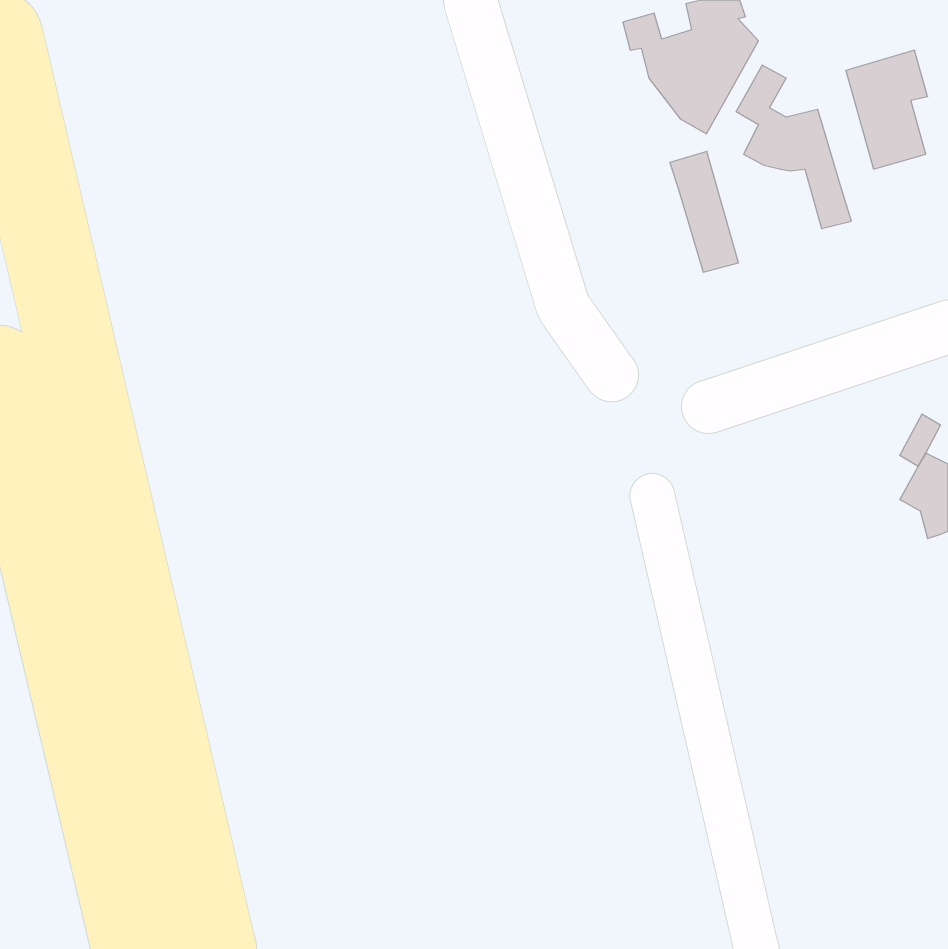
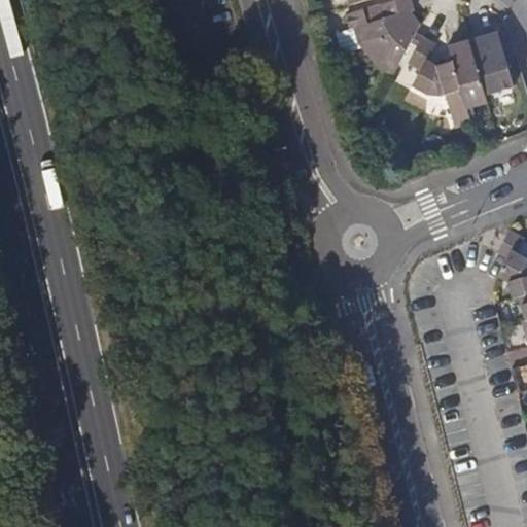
building: [670,151,738,272] -> [448,39,486,106]

